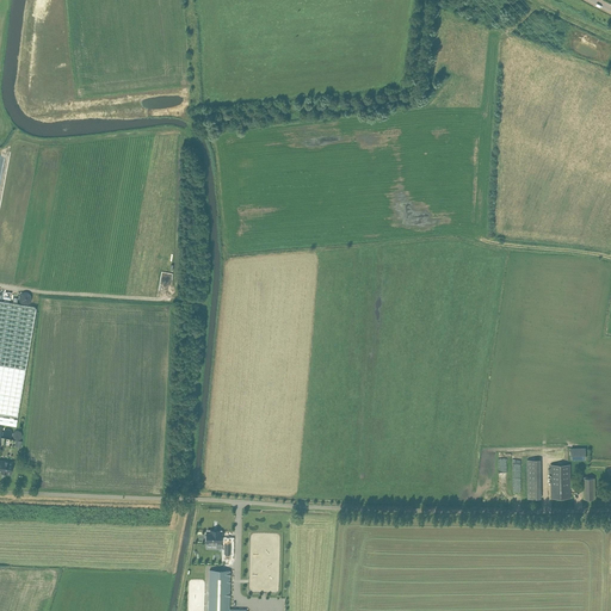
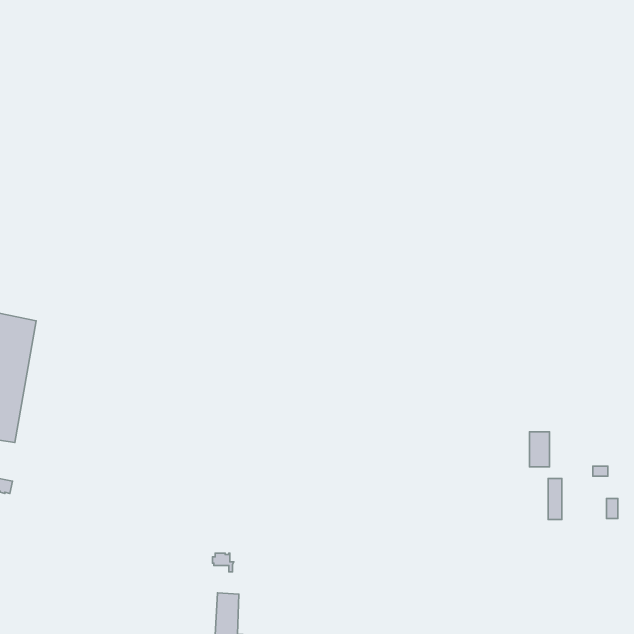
building: [550,465,569,499] -> [530,432,549,467]

